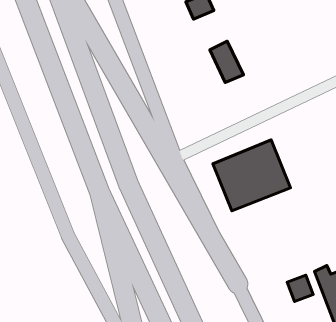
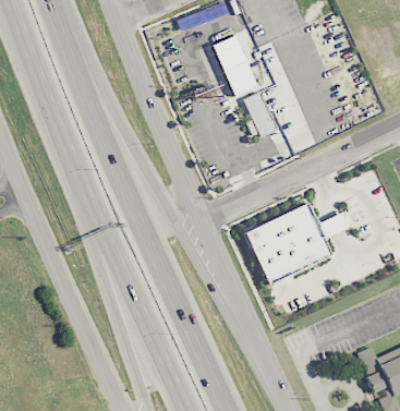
building: none -> [226,61,259,101]
building: [287,275,313,301] -> none

